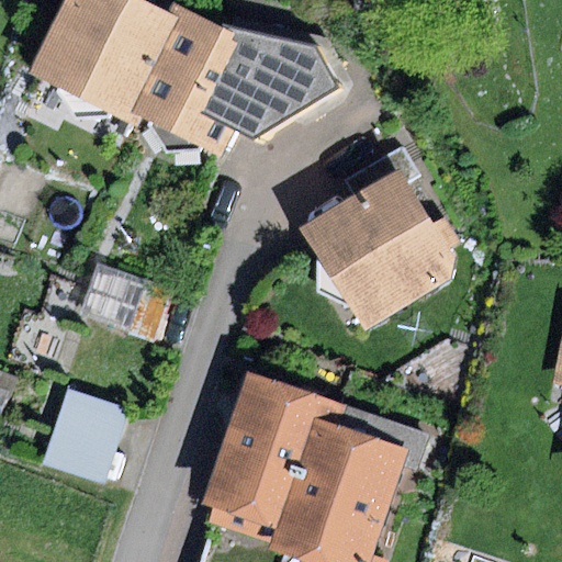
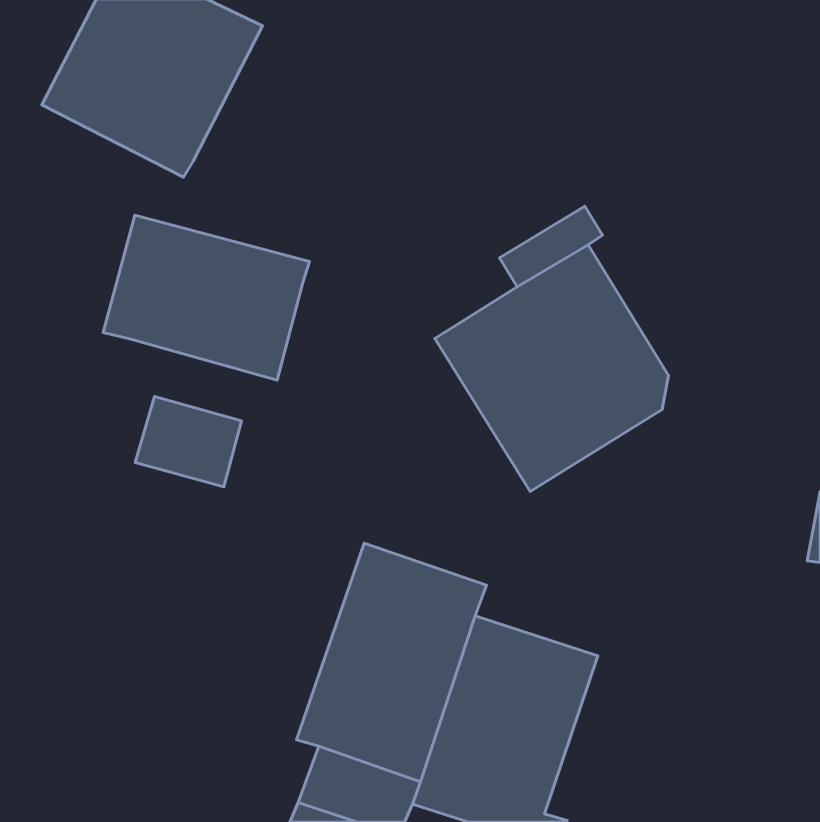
building: [132,9,348,156] -> none
building: none -> [103,215,310,380]
building: [42,393,124,484] -> none

